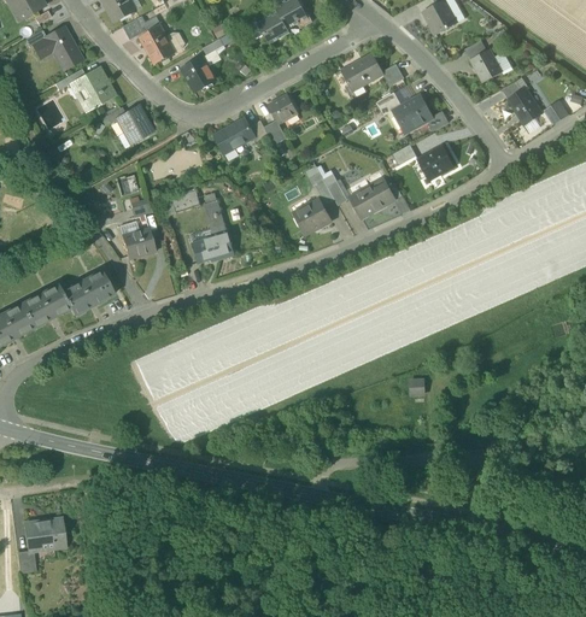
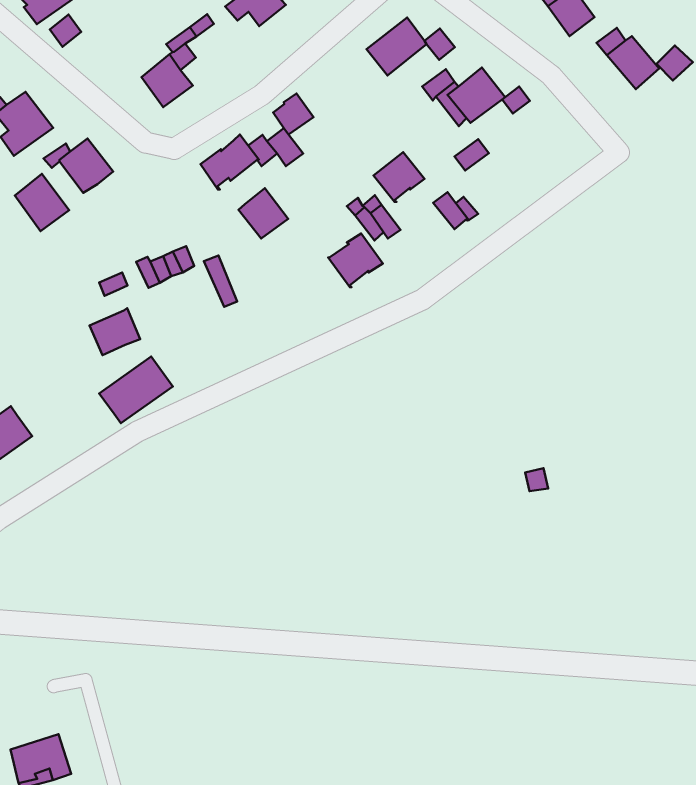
building: [140,24,176,61] -> none
building: none -> [15,174,69,231]
building: [418,145,455,180] -> none
building: none -> [239,188,288,239]
building: [350,183,385,217] -> [374,152,424,202]
building: [193,233,234,262] -> none
building: [63,270,115,313] -> [99,357,173,423]

